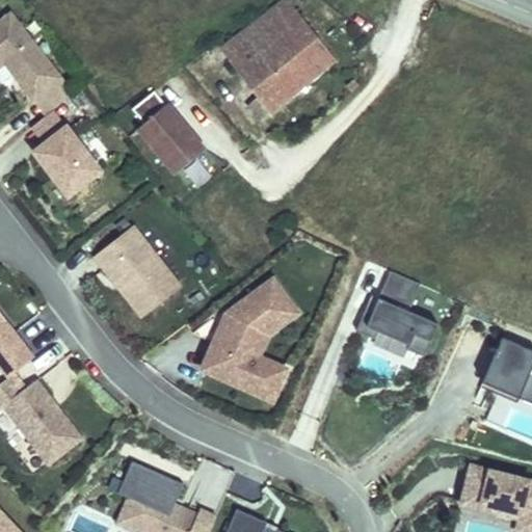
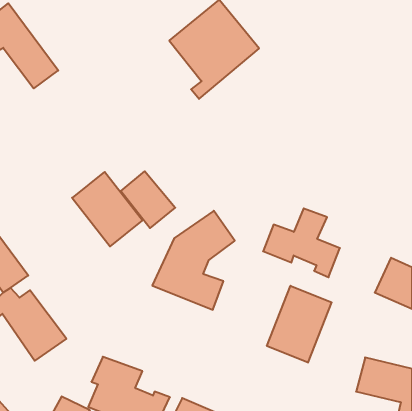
building: [129,114,198,187] -> [121,171,175,228]
building: [29,121,105,201] -> none
building: none -> [267,286,332,363]

